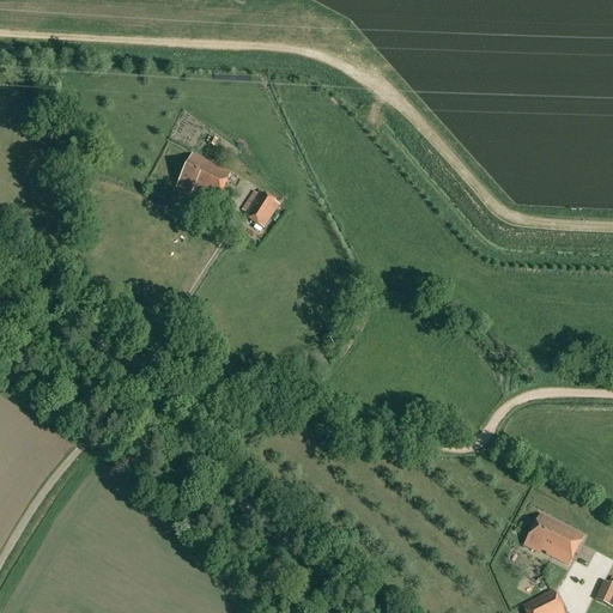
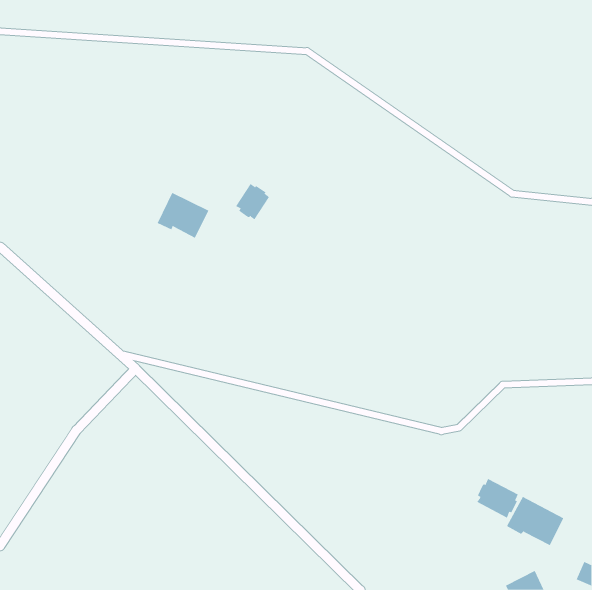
building: [176,153,230,201] -> [157,192,209,238]
building: none -> [476,478,518,518]

